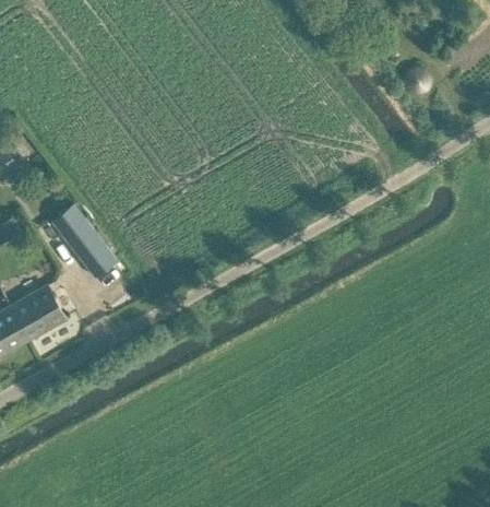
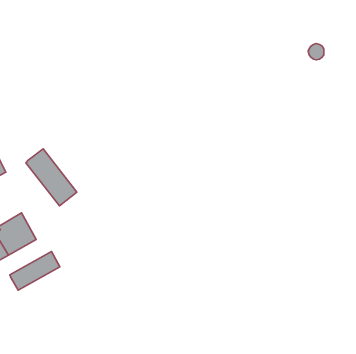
building: none -> [10,251,60,290]

